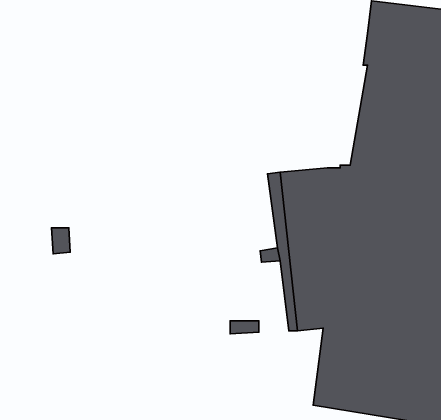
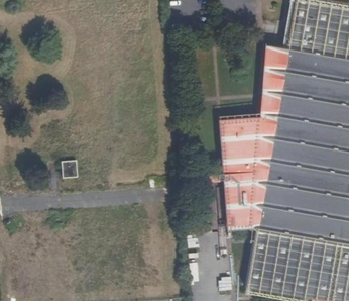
building: none -> [258,45,286,120]

